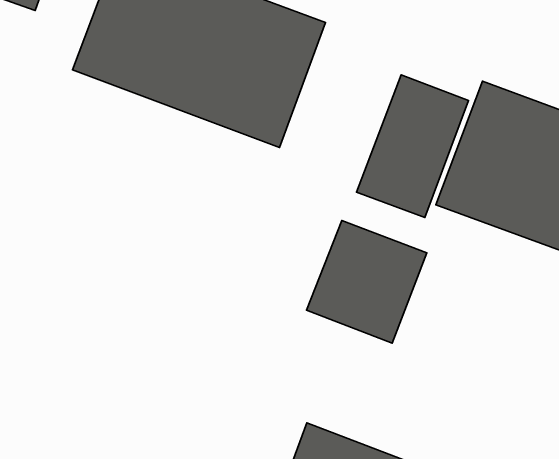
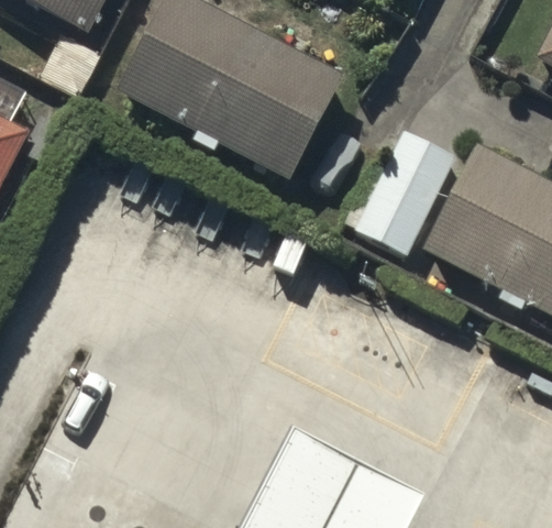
building: [306,221,427,343] -> none

